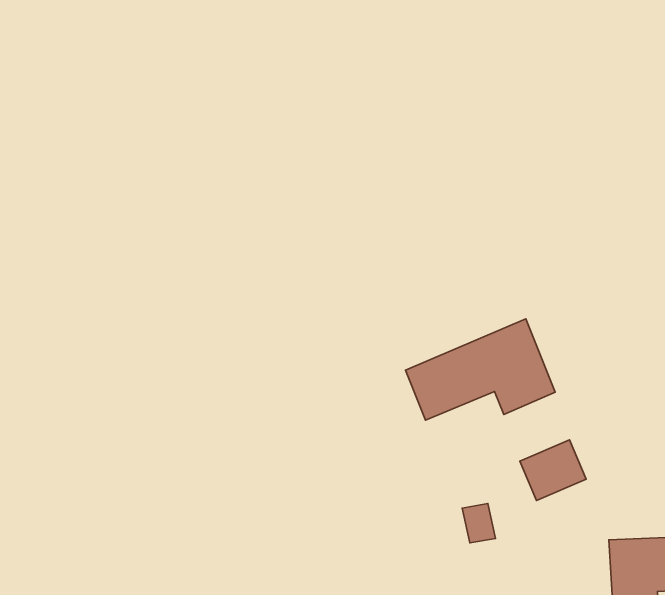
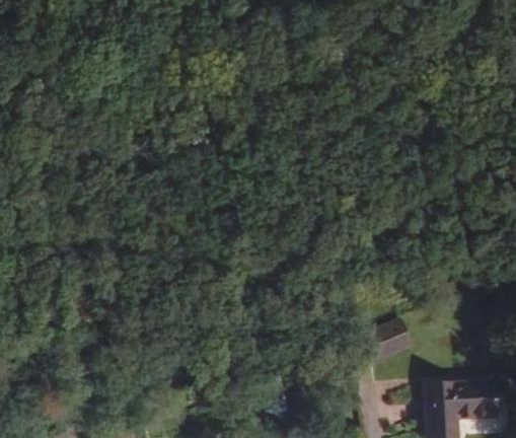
building: [405,319,555,420] -> none

